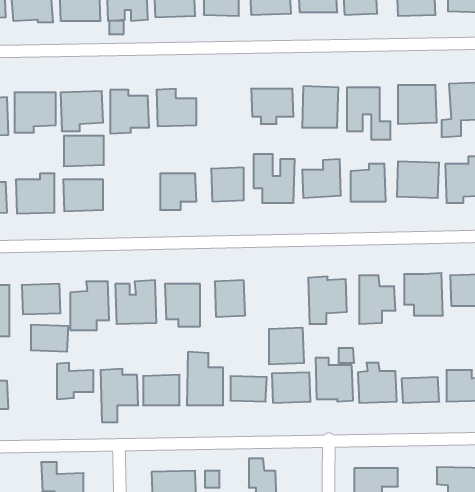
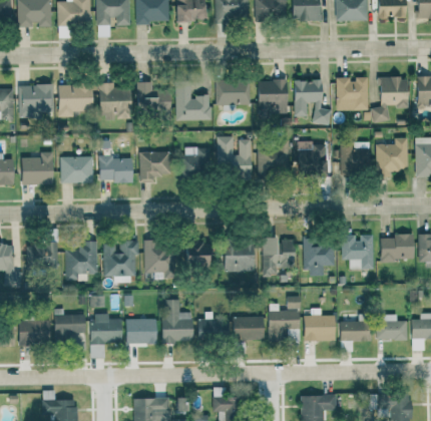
building: none -> [175,83,211,120]
building: [64,136,104,166] -> [99,156,132,181]
building: [31,325,68,352] -> [19,320,50,342]
building: [269,328,304,364] -> [225,242,254,272]

